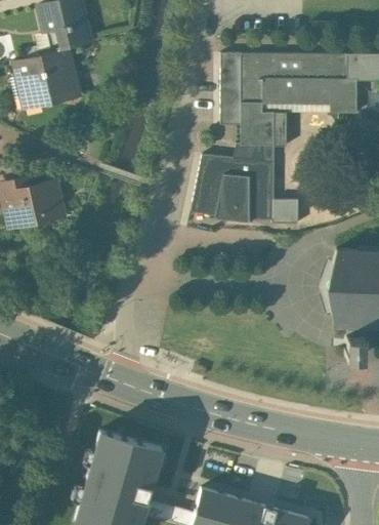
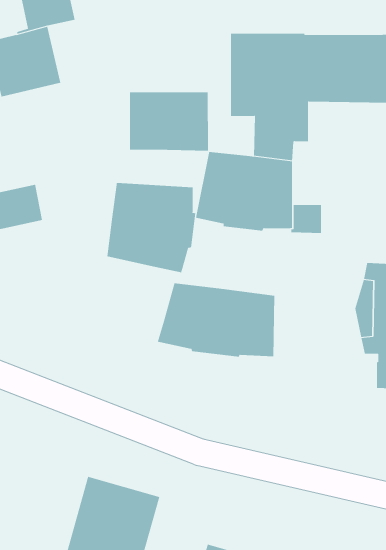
building: none -> [129,92,208,151]
building: none -> [107,182,196,273]
building: none -> [157,282,275,358]

